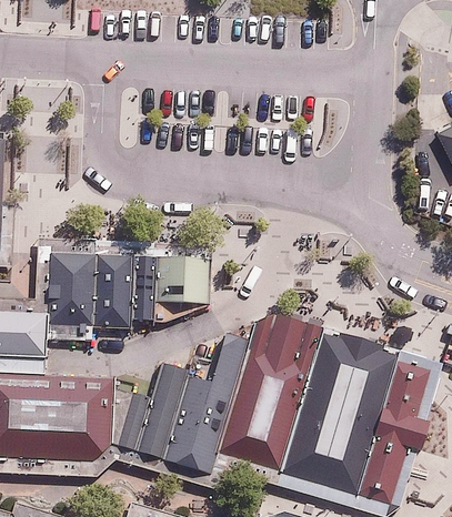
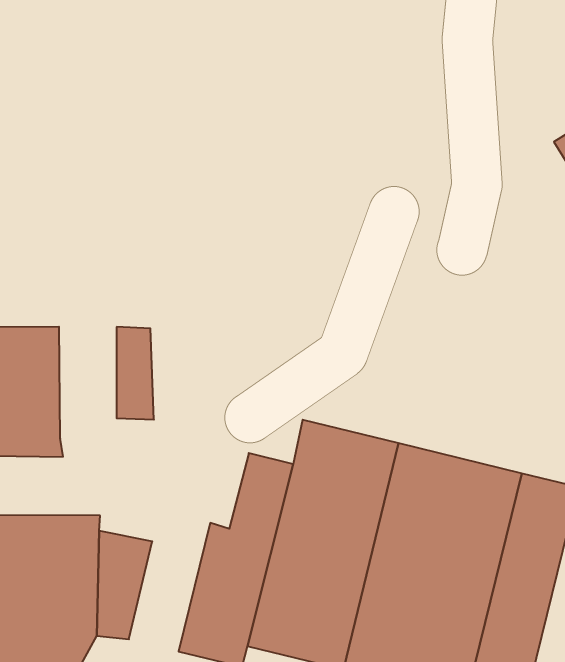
building: [93,249,134,323] -> none
building: [157,252,212,317] -> none
building: [131,363,192,466] -> none

